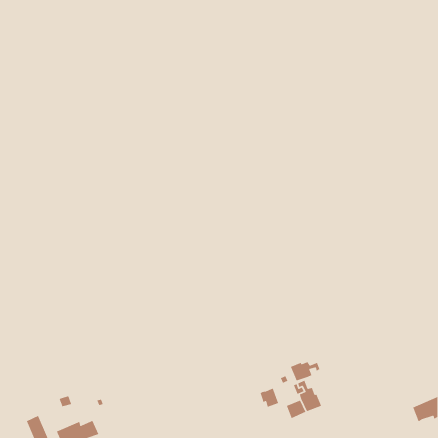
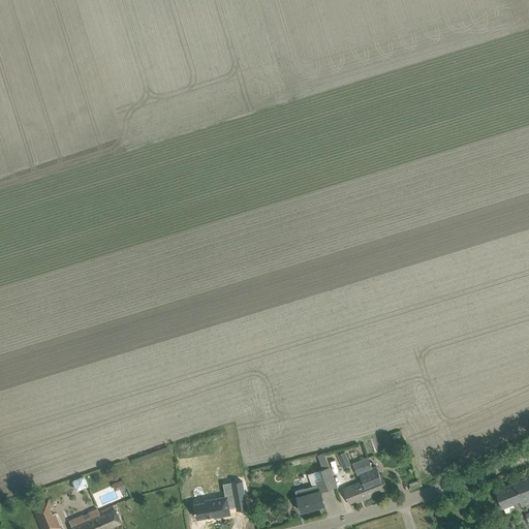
building: [290,361,320,382] -> none
building: none -> [193,481,245,520]
building: none -> [294,485,324,512]

